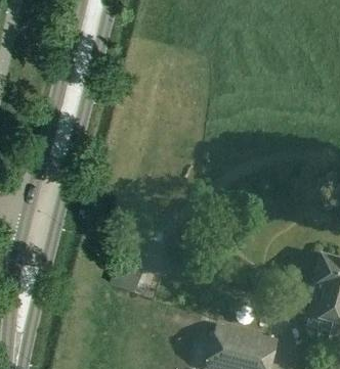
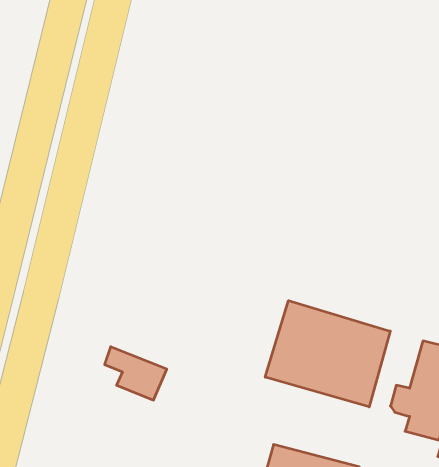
building: none -> [265,301,390,407]

